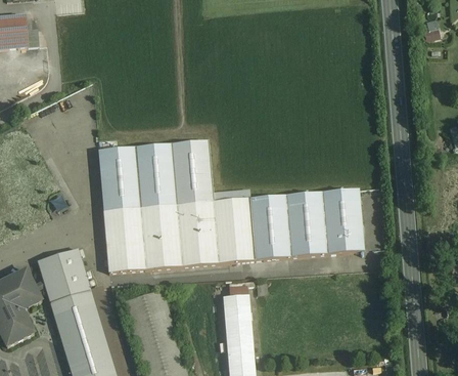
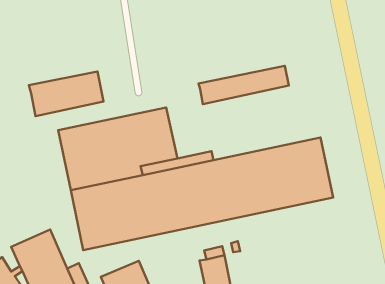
building: none -> [29,71,104,116]
building: none -> [198,66,289,104]

